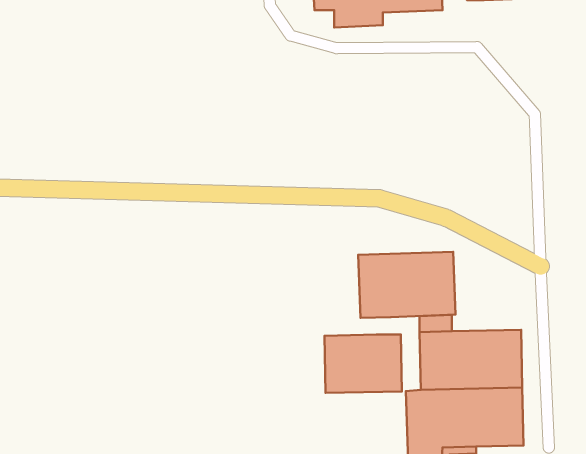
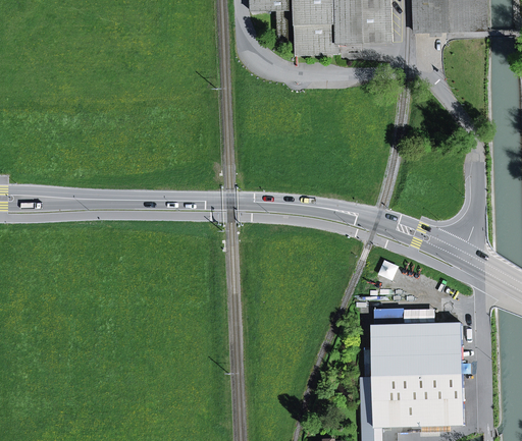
building: [358,252,456,318] -> none
building: [324,335,402,393] -> none

